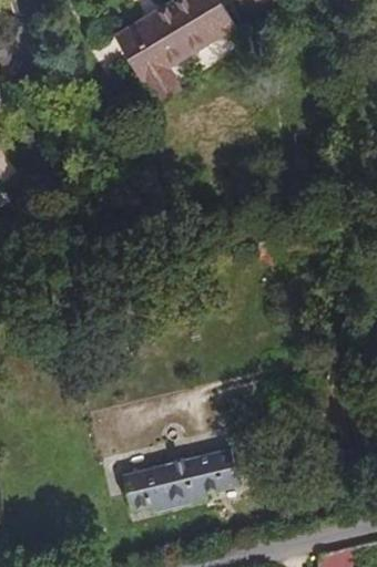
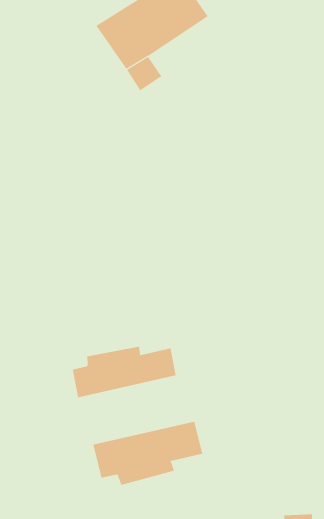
building: none -> [72,346,176,398]

